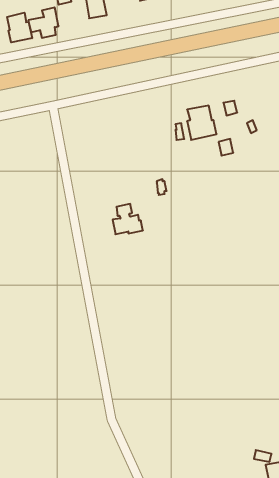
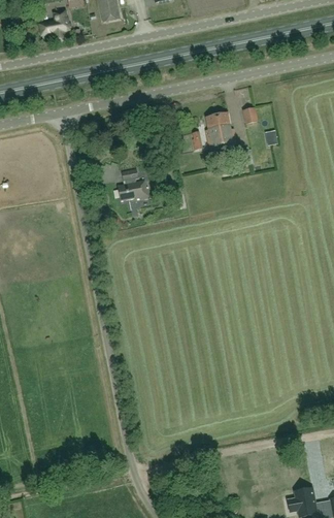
building: [7,13,32,42] -> none
building: [113,204,143,234] -> [116,168,148,200]

